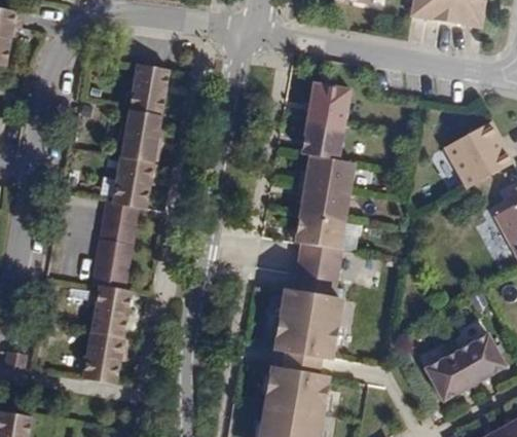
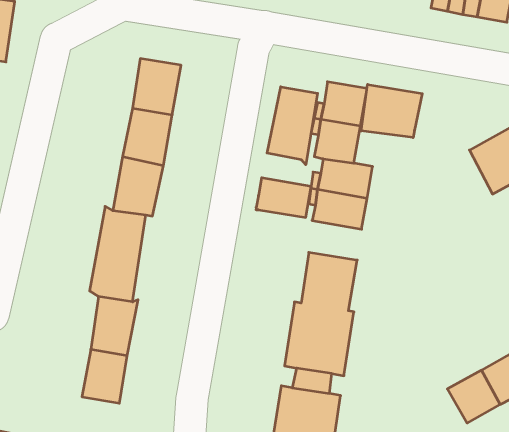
building: none -> [361,84,422,138]
building: none -> [267,87,318,165]
building: [293,212,344,249] -> [256,178,311,217]

